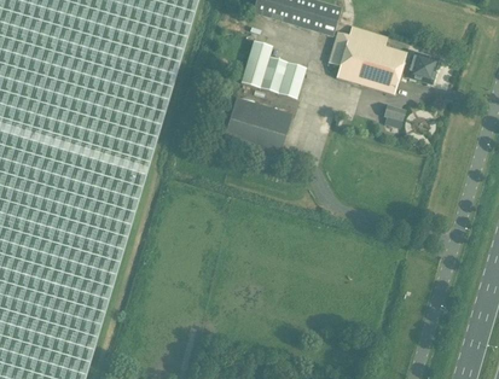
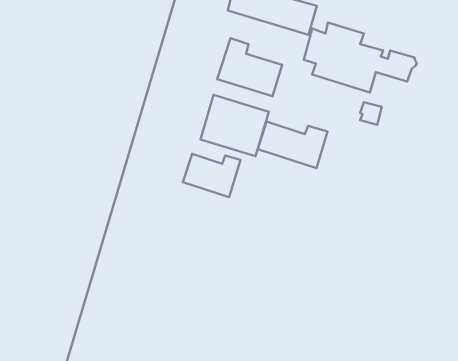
building: none -> [258,122,327,168]
building: none -> [183,154,240,197]

